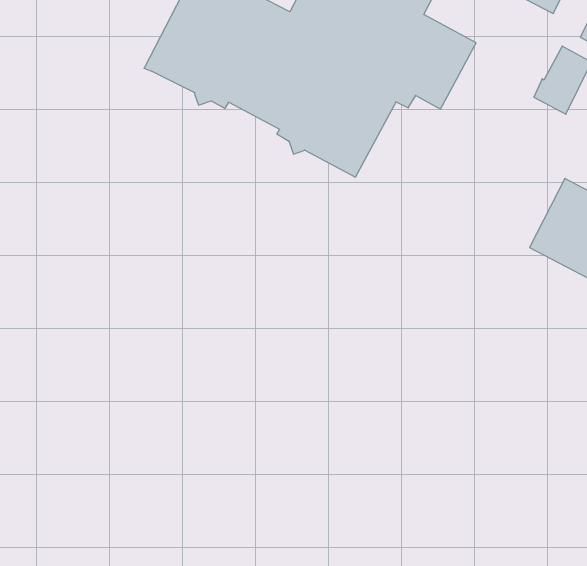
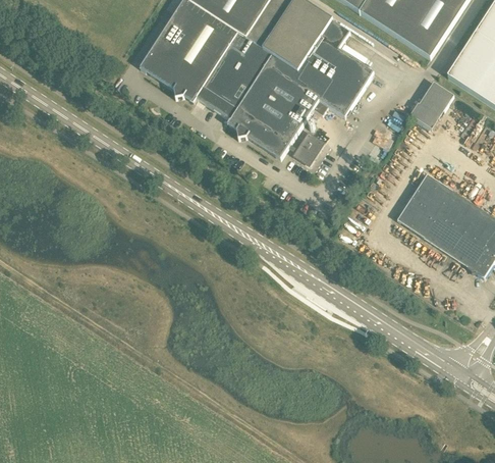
building: none -> [292,128,324,164]

